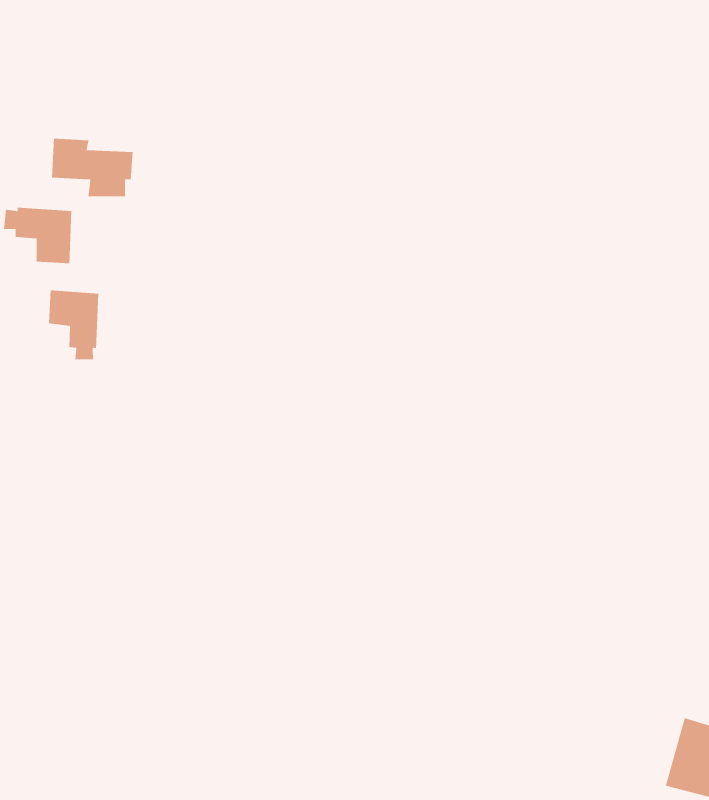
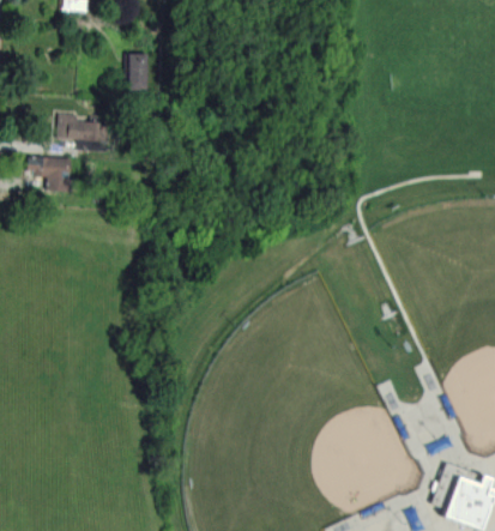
building: none -> [129,53,149,90]
building: [48,289,99,360] -> none

